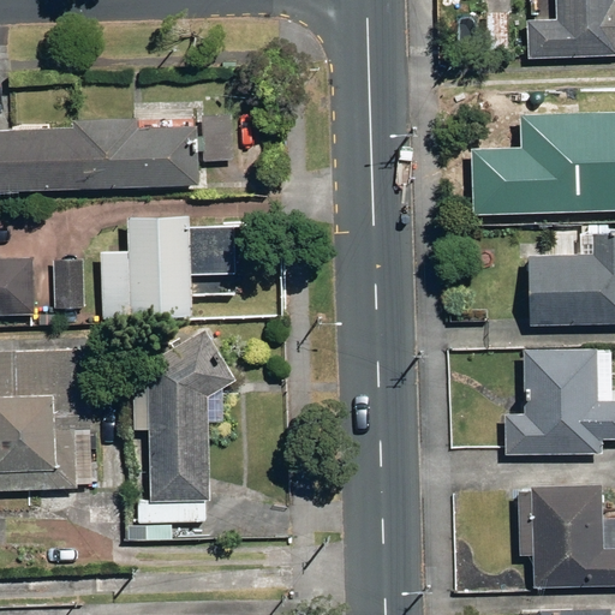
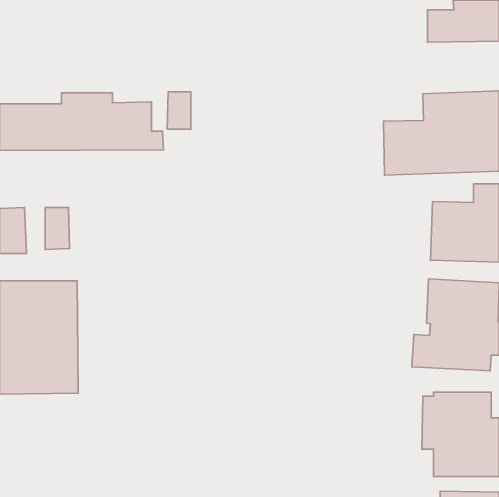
building: [100,215,241,317] -> none
building: [148,328,233,524] -> none

